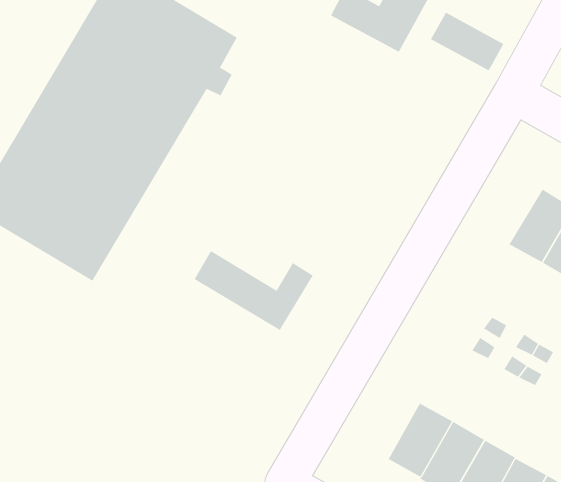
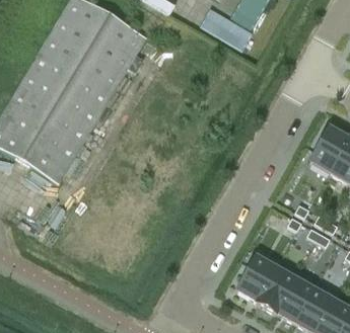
building: [430,12,505,71] -> none
building: [194,250,314,331] -> none

